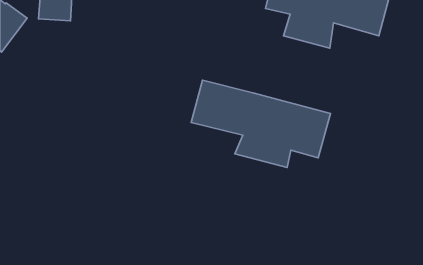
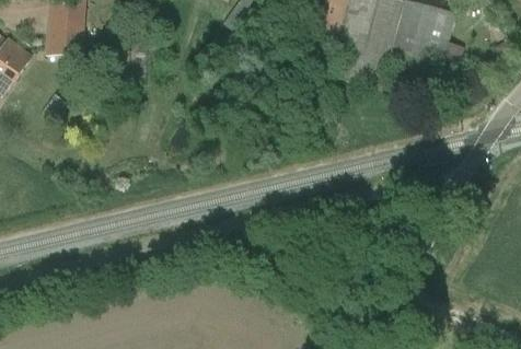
building: [191,80,331,168] -> none

